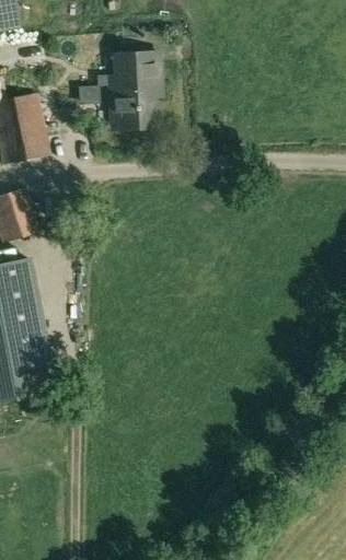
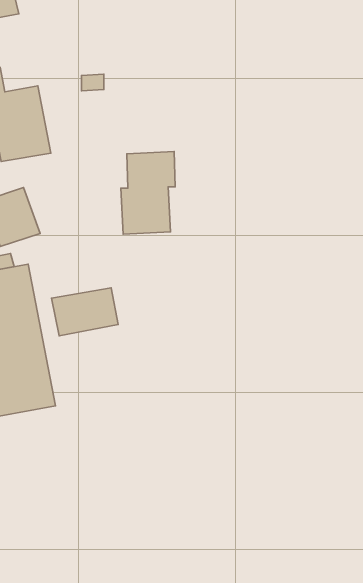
building: [109,52,160,129] -> [121,151,175,234]
building: none -> [51,288,118,336]

